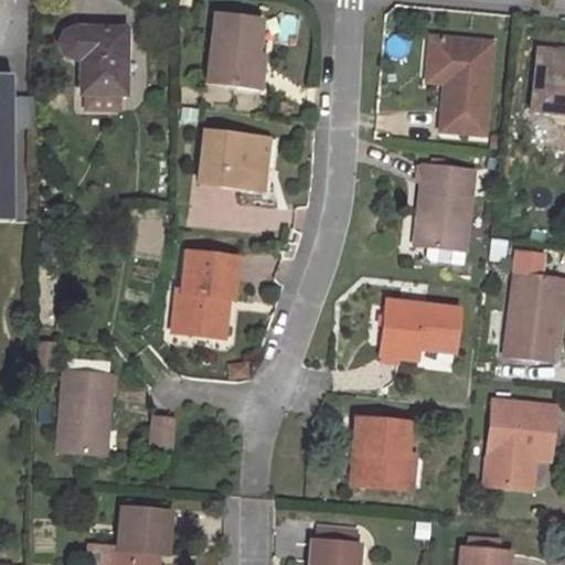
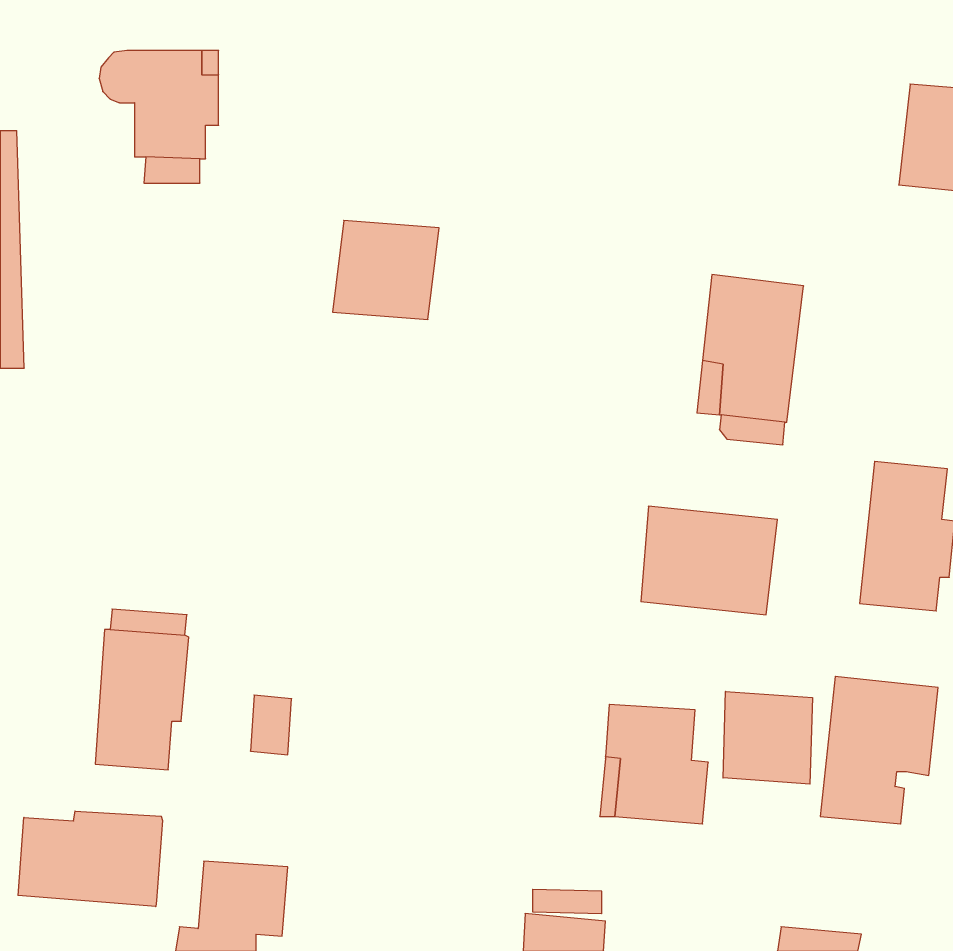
building: [207,17,265,92] -> none
building: [426,35,493,136] -> none
building: [170,255,234,335] -> none
building: none -> [723,691,812,784]
building: none -> [18,811,163,907]

